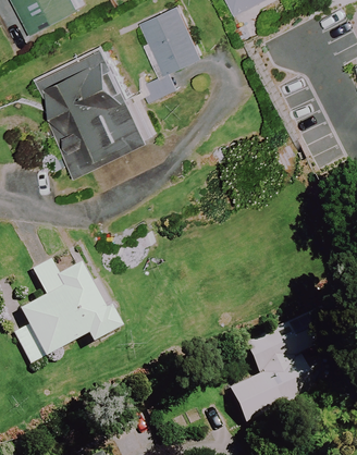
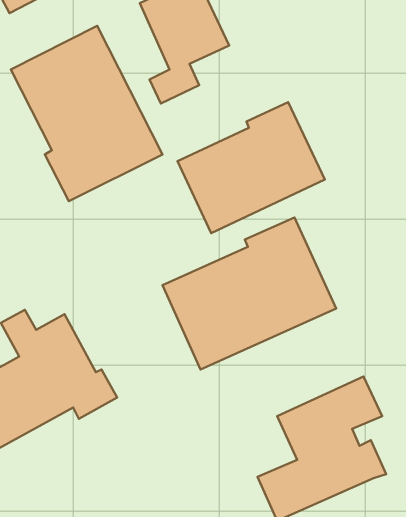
building: none -> [177,102,325,233]
building: none -> [162,218,336,370]

